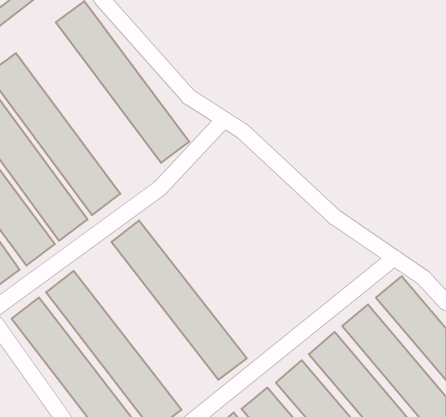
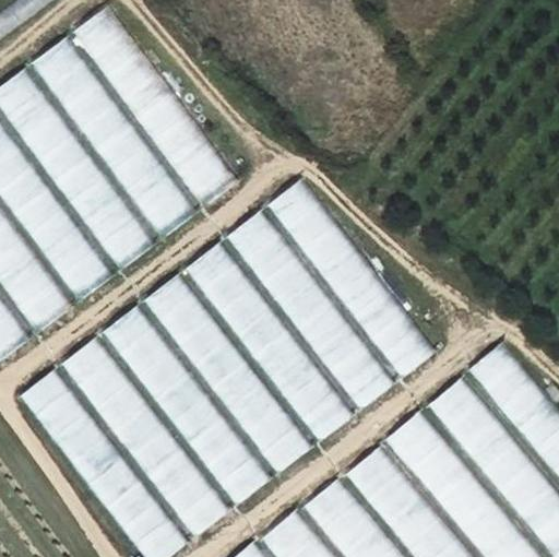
building: none -> [32,38,197,238]
building: none -> [269,180,435,377]
building: none -> [226,211,393,408]
building: none -> [183,242,350,440]
building: none -> [102,306,269,503]

